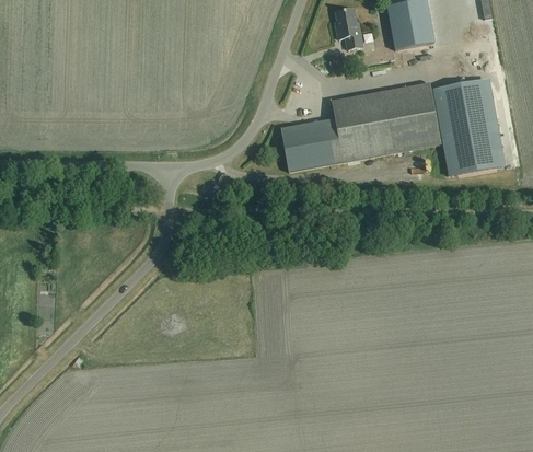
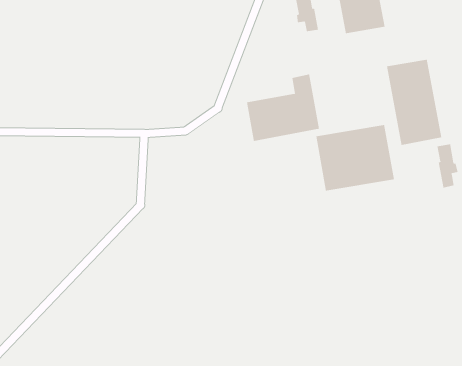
building: [352,82,441,157] -> [315,125,395,191]
building: none -> [437,144,458,188]

